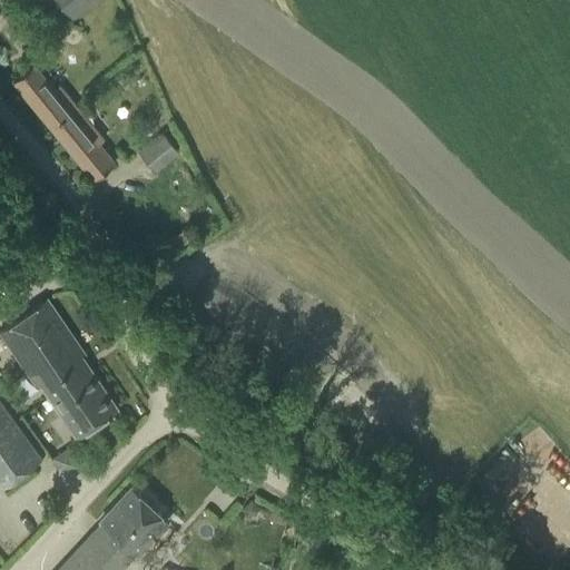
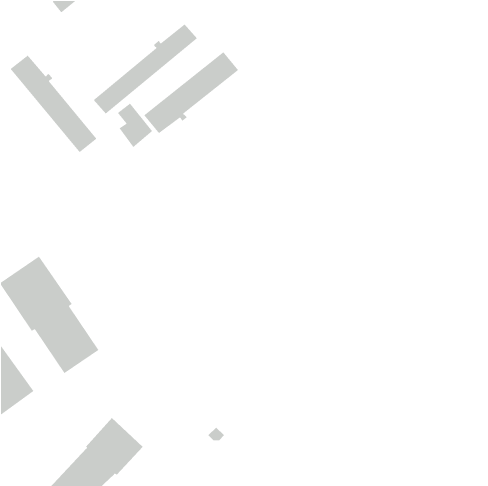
building: none -> [93,24,198,115]
building: none -> [143,51,239,134]

